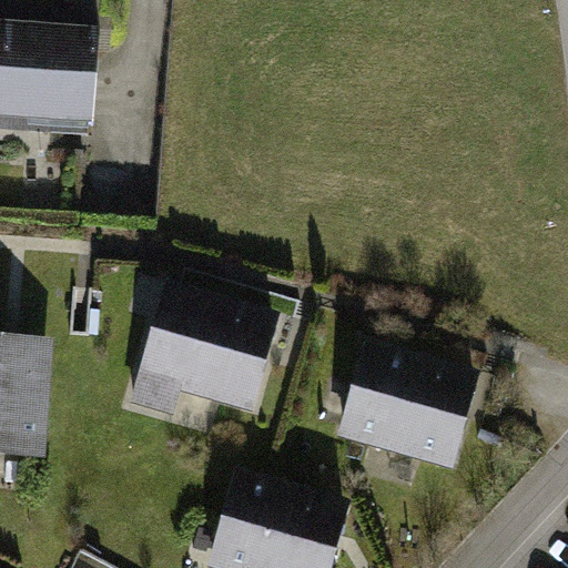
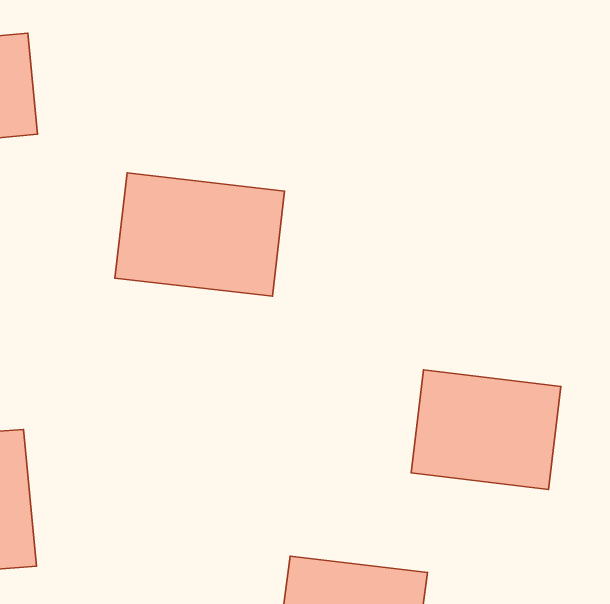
building: none -> [115,173,285,296]
building: [142,300,272,410] -> none

